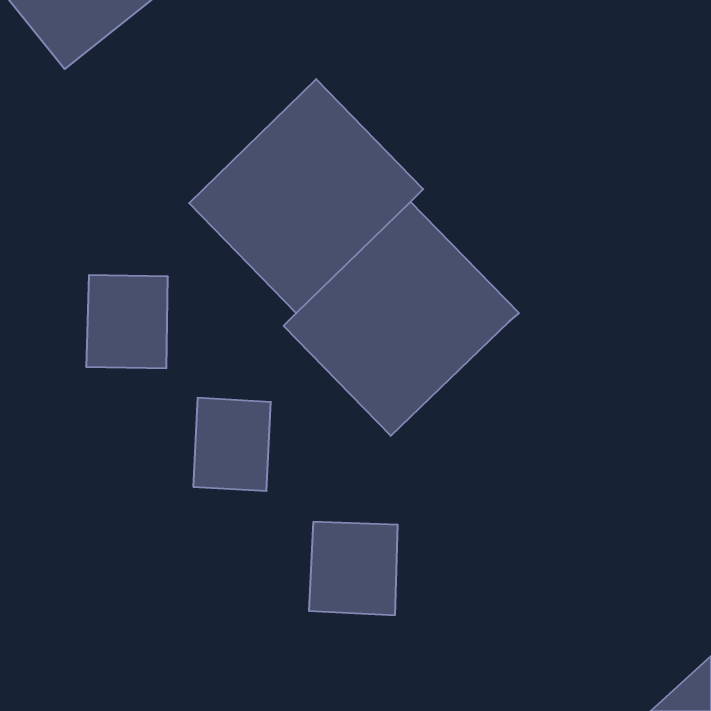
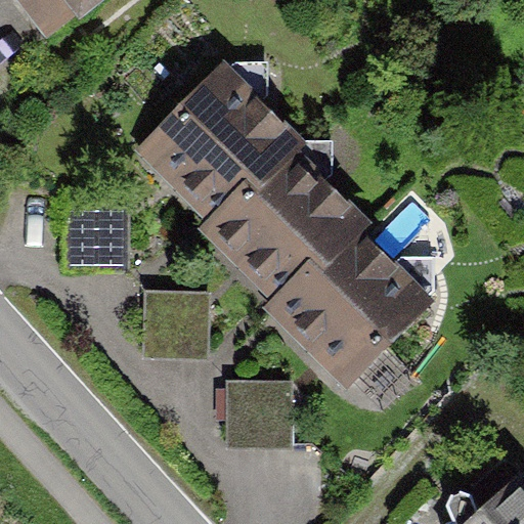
building: none -> [276,233,447,403]

